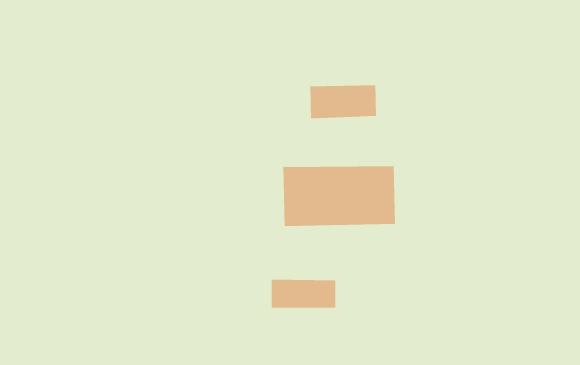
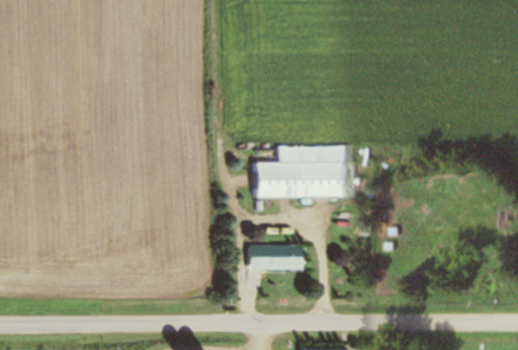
building: [310,85,376,119] -> none

